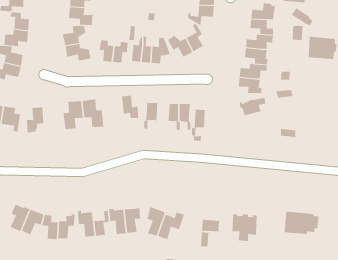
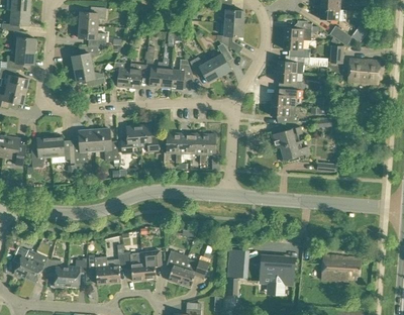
building: none -> [121,125,140,152]
building: none -> [50,136,75,163]
building: [191,109,206,141] -> [176,132,192,169]
building: none -> [280,140,311,162]

